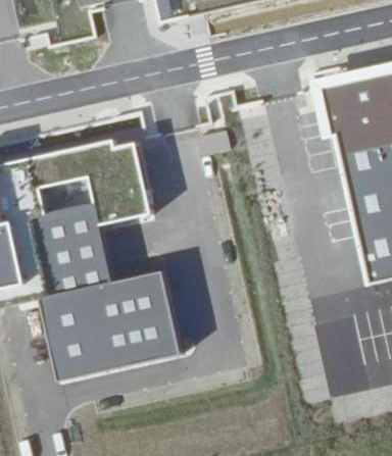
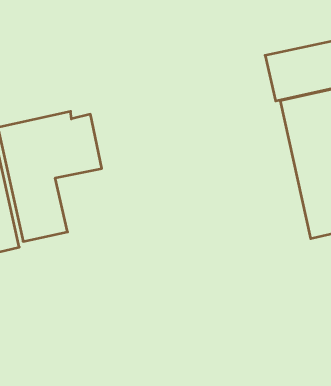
building: [43,268,183,376] -> none

